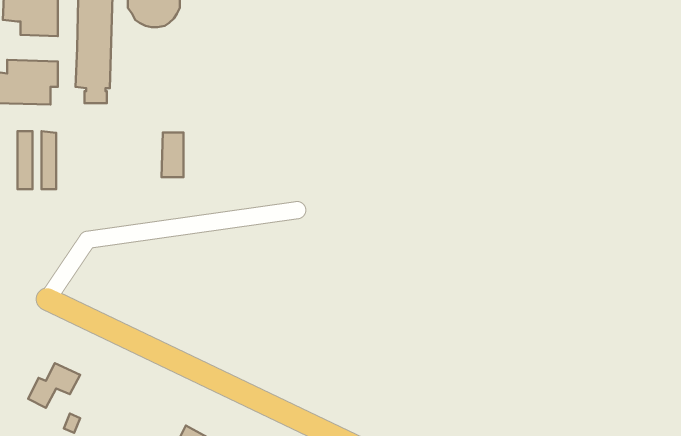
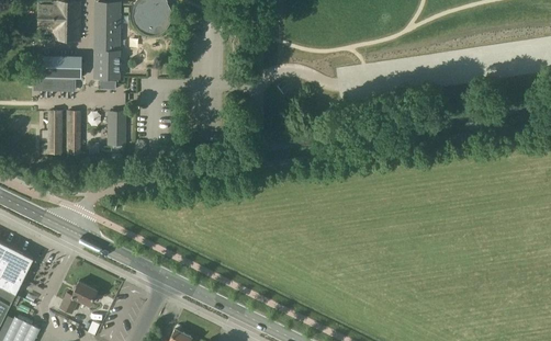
building: [161,132,184,177] -> [109,112,125,145]

